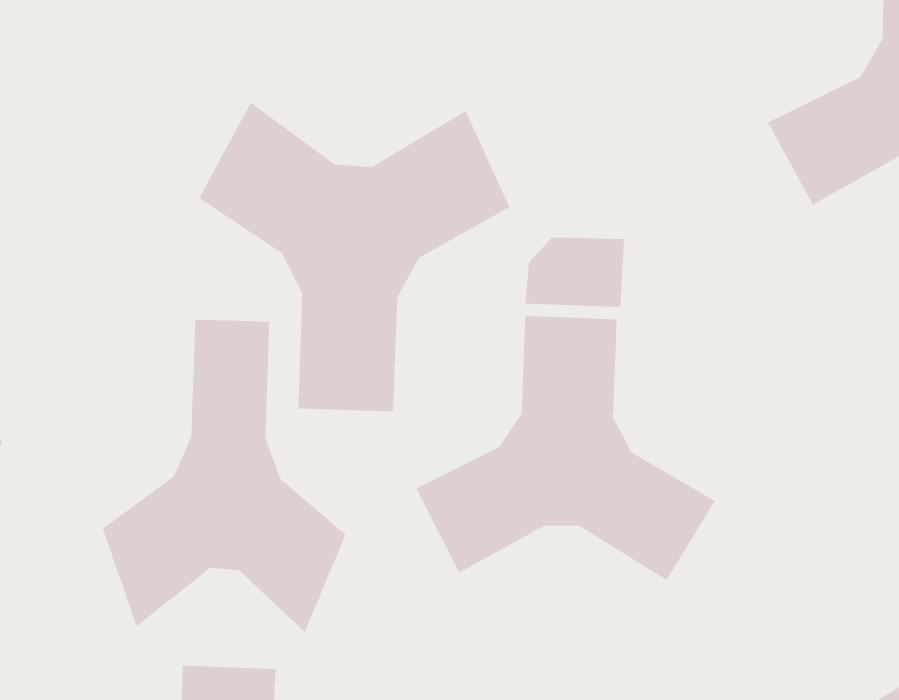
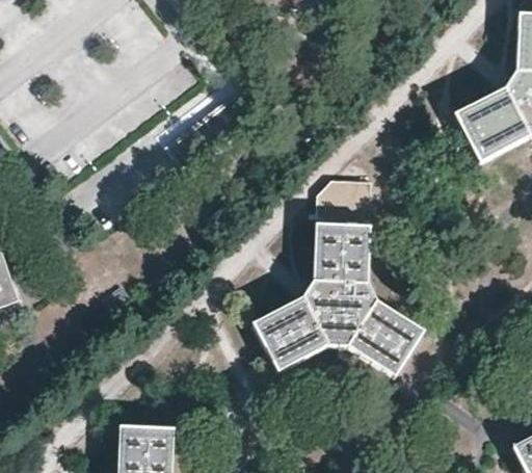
building: [198,102,511,412] -> none
building: [102,319,347,633] -> none

